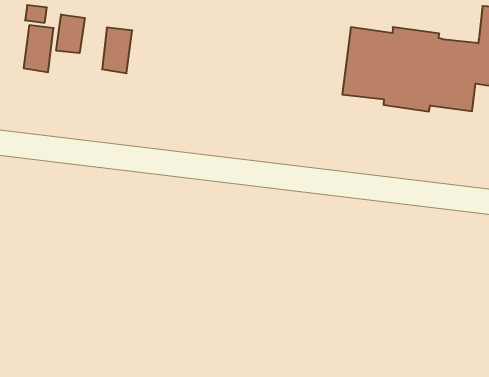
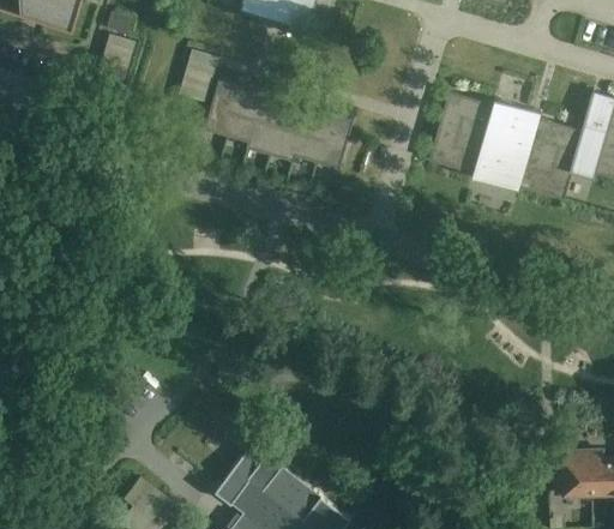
building: [56,14,85,53] -> none
building: none -> [203,78,353,168]

